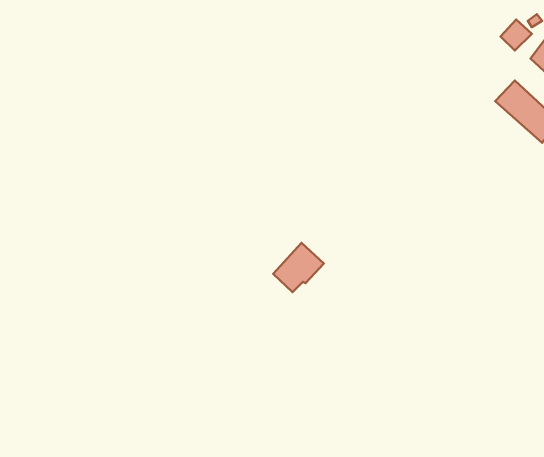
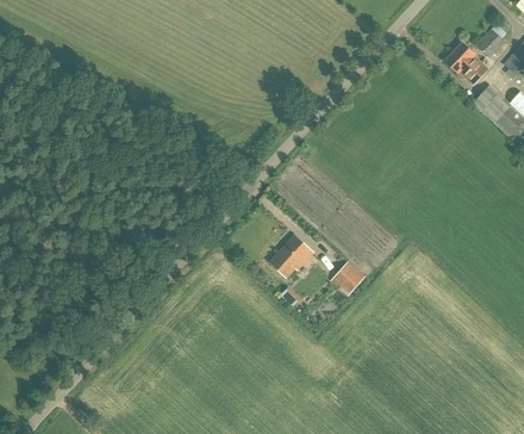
building: none -> [444,42,488,85]
building: none -> [330,260,366,296]

